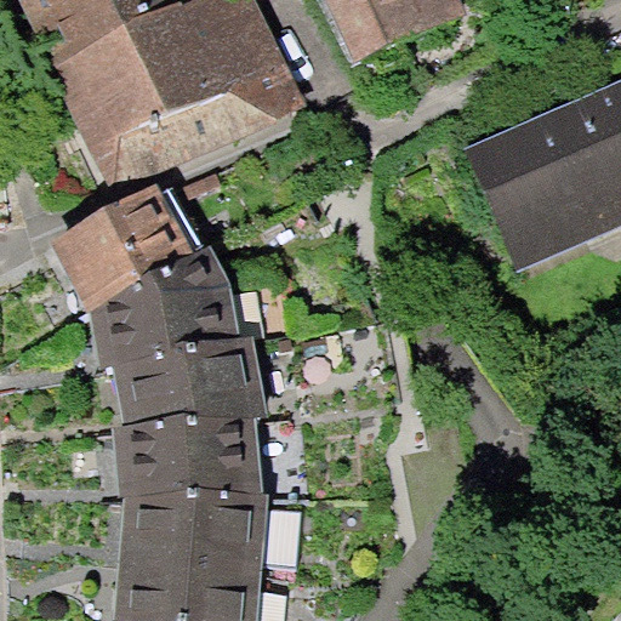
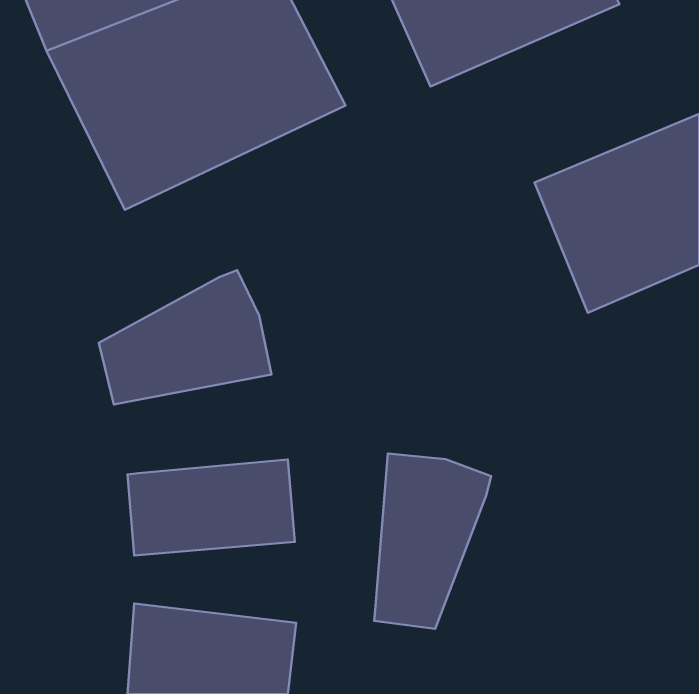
building: [51,176,194,303] -> none
building: [113,330,268,418] -> none
building: none -> [374,454,491,629]
building: [119,479,268,551] -> none

